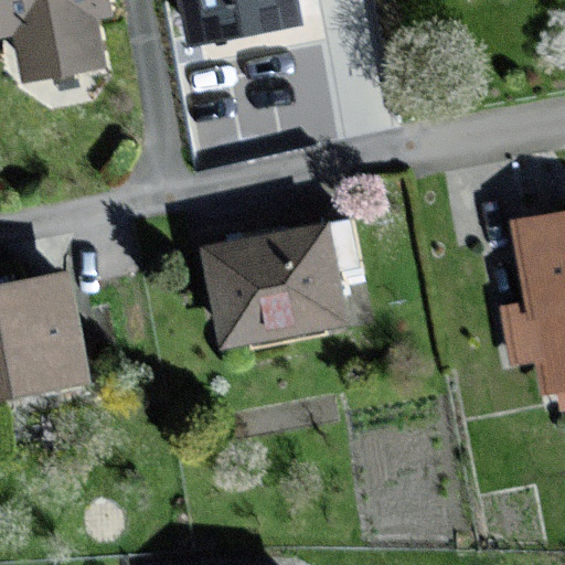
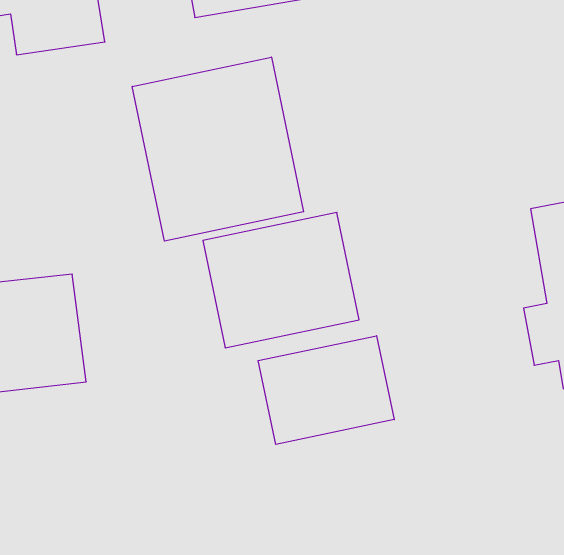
building: none -> [132,57,304,241]
building: none -> [258,336,394,444]

